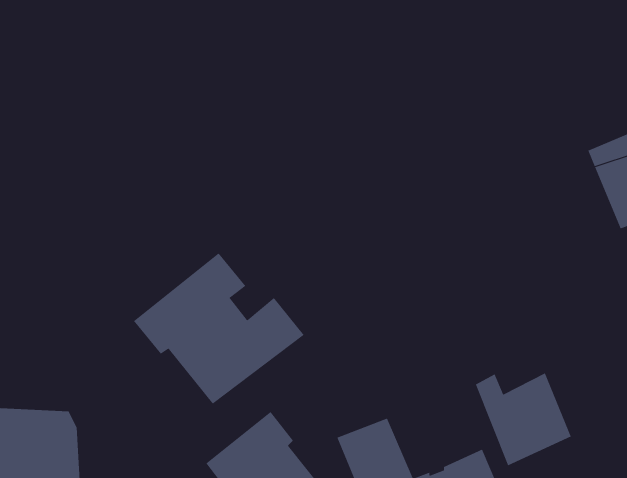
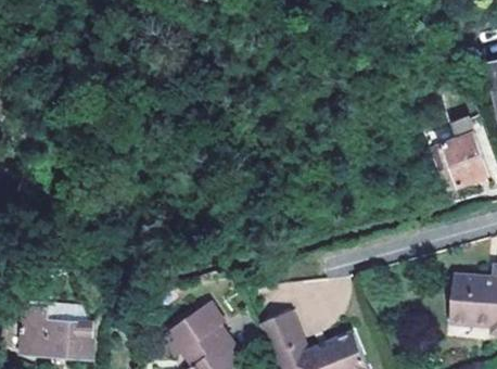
building: [133,253,305,404] -> none
building: [475,373,572,466] -> none

